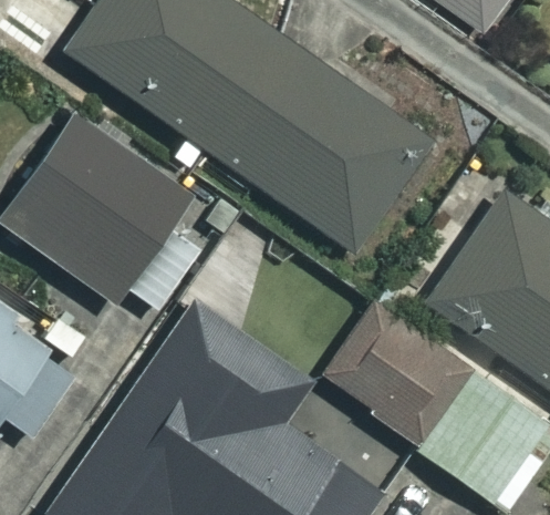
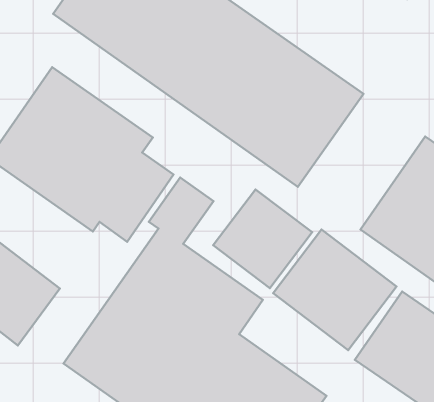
building: none -> [213,189,312,288]

